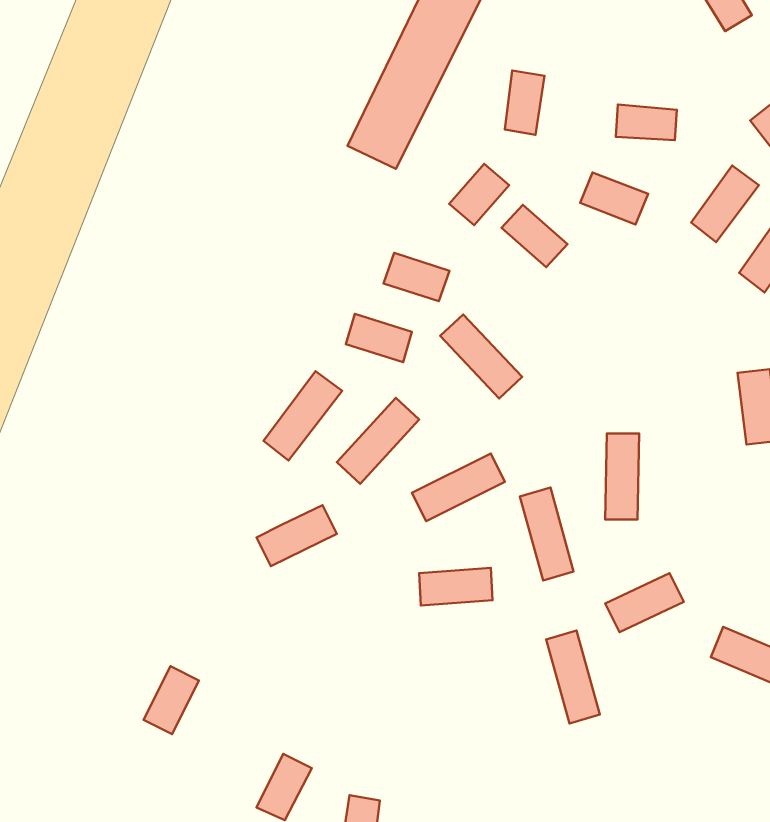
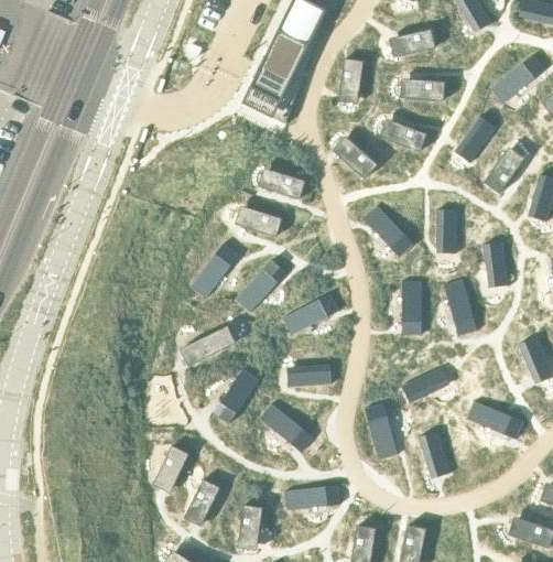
building: none -> [395,29,435,55]
building: [449,164,509,225] -> none
building: [440,314,522,398] -> [362,205,413,257]
building: none -> [436,209,457,253]
building: [520,487,574,580] -> [444,279,477,336]
building: none -> [213,368,259,423]
building: none -> [259,402,313,452]
building: [144,666,199,734] -> [155,444,189,486]
building: none -> [419,431,449,478]
building: none -> [284,484,340,510]

